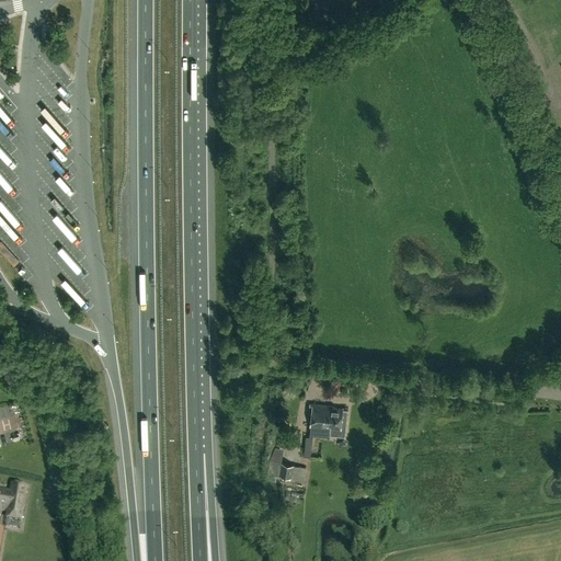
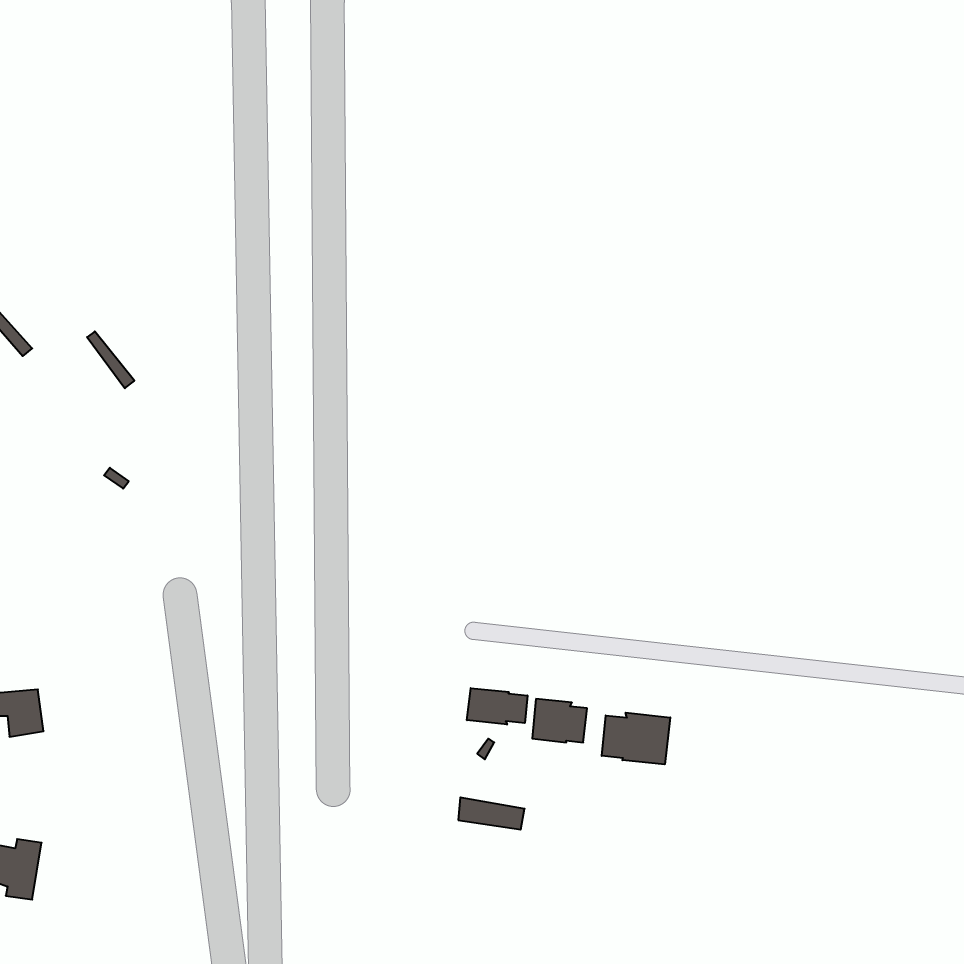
building: none -> [467,688,527,725]
building: none -> [602,713,670,764]

